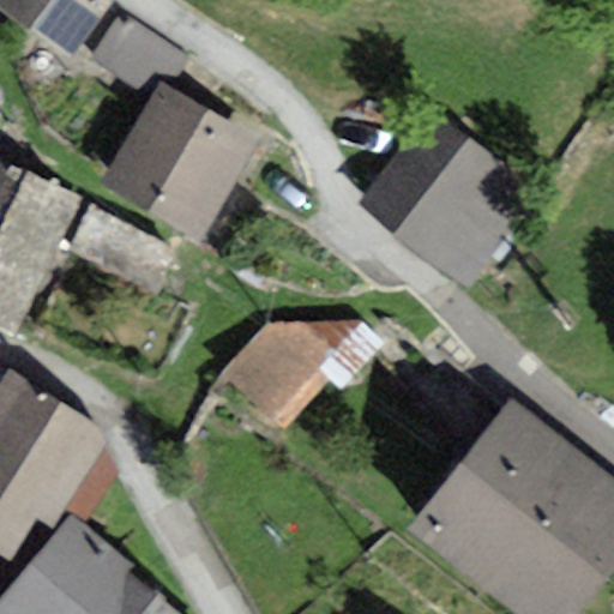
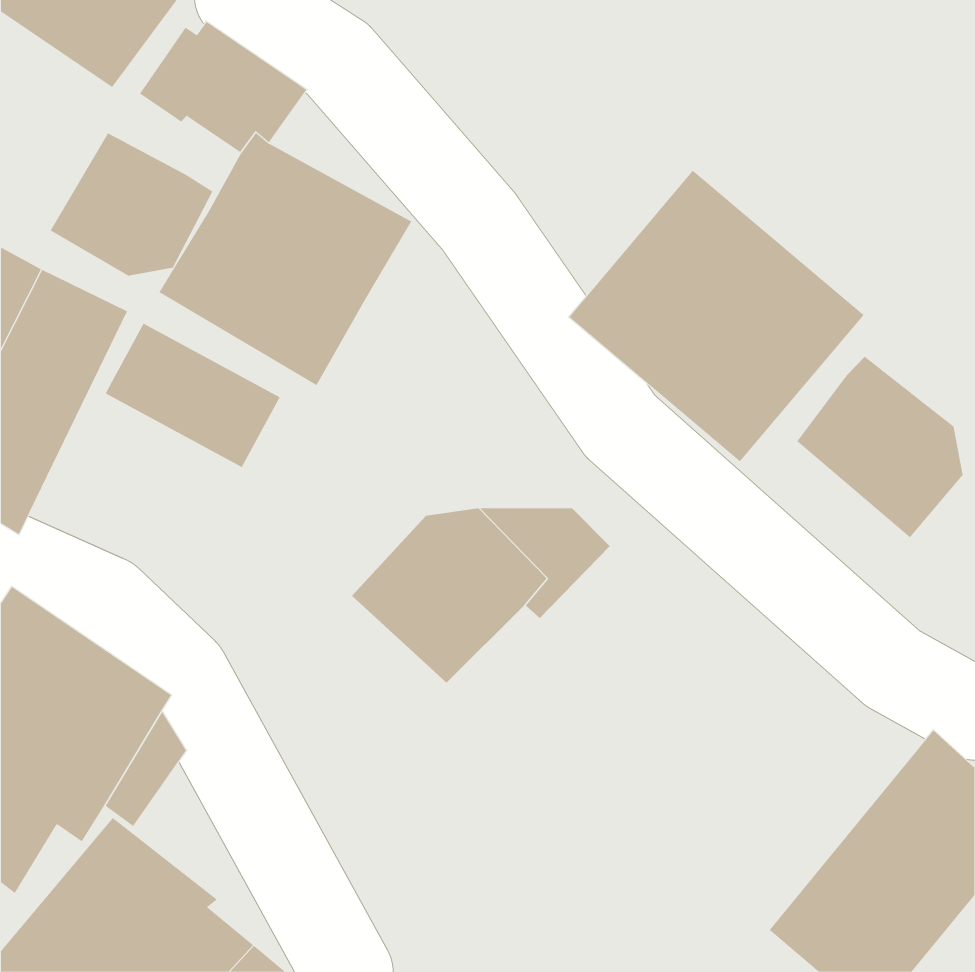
building: none -> [50,132,213,276]
building: none -> [796,356,963,538]
building: [408,398,586,584] -> none

